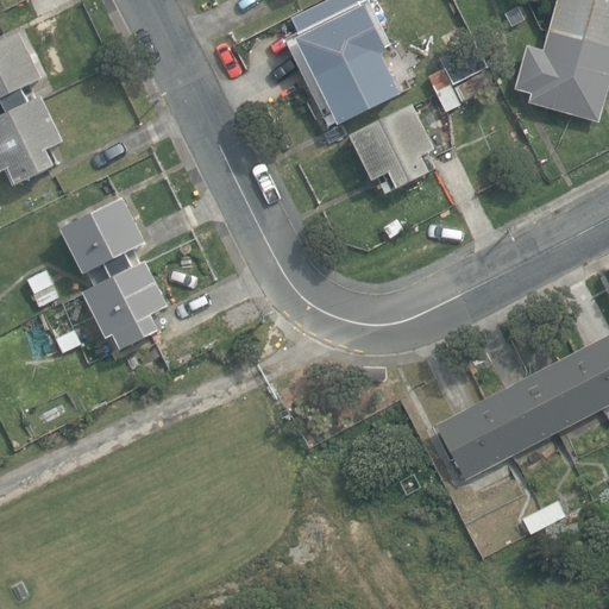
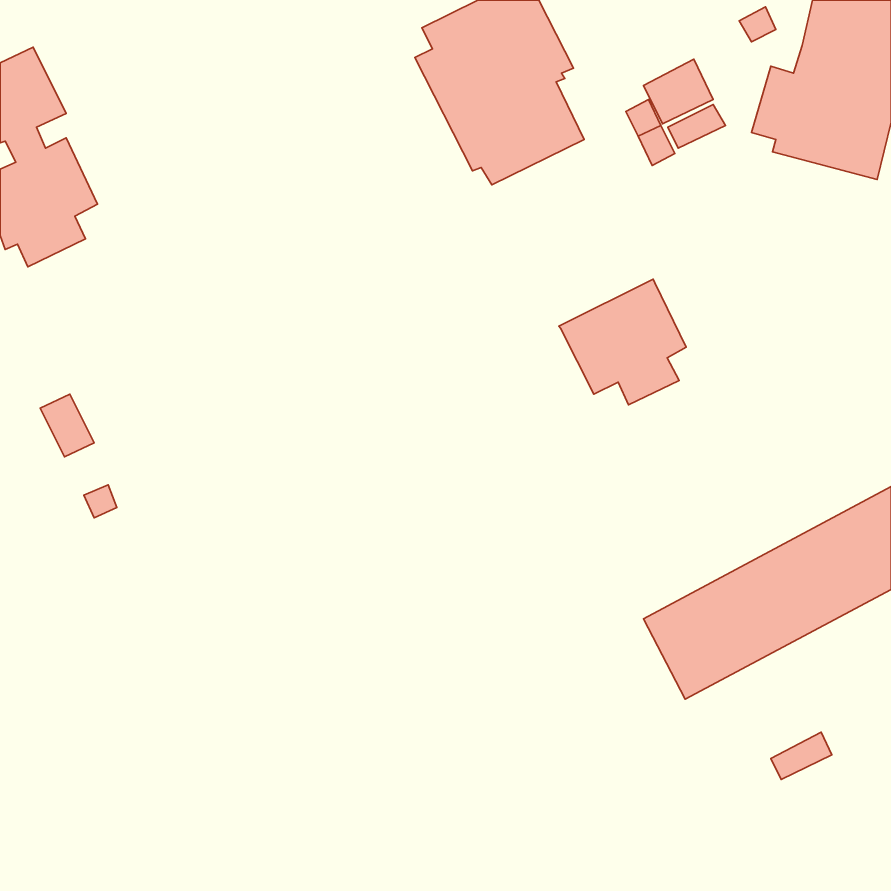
building: [345,105,432,190] -> [559,279,686,405]
building: [65,197,171,347] -> none

